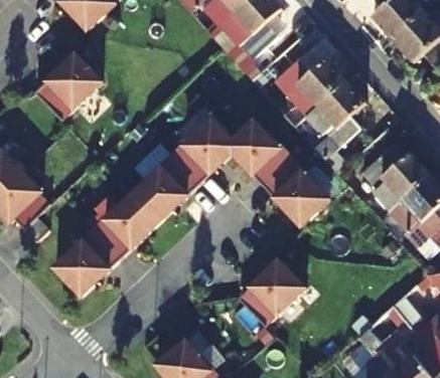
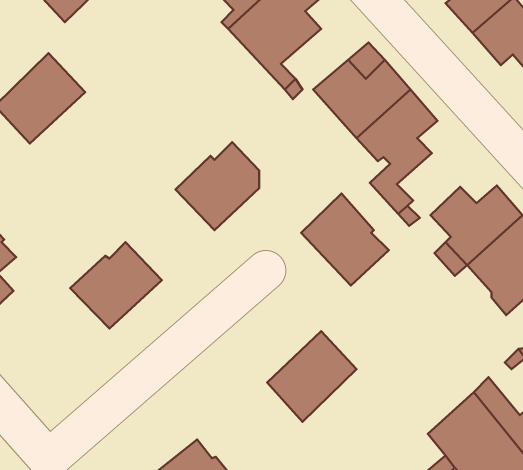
building: [233,121,294,187] -> none
building: [133,155,199,222] -> none
building: [54,228,121,297] -> none

